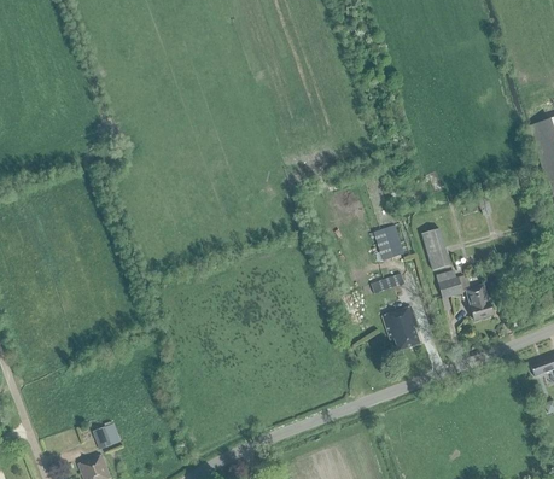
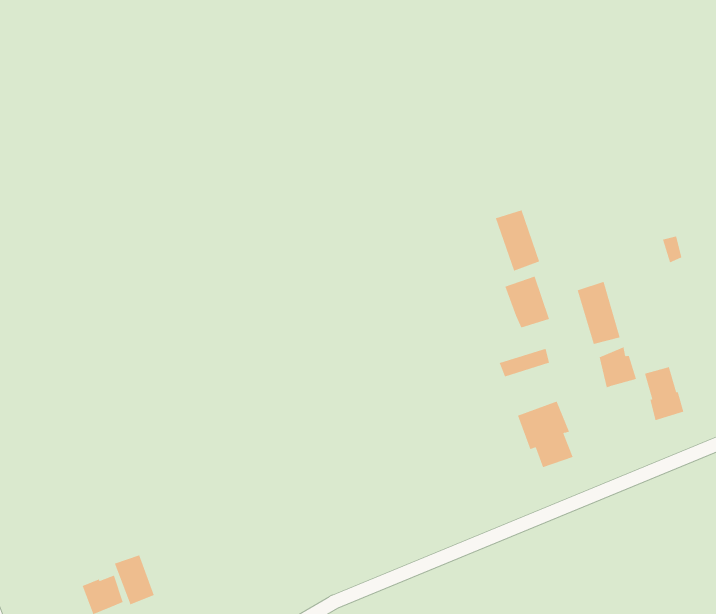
building: none -> [495,209,540,272]
building: none -> [114,555,155,605]

